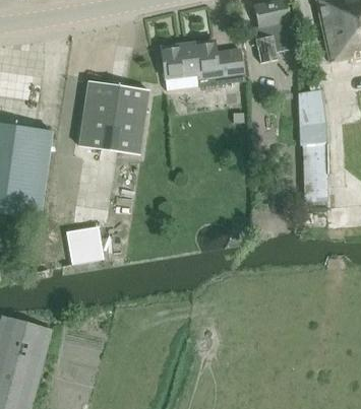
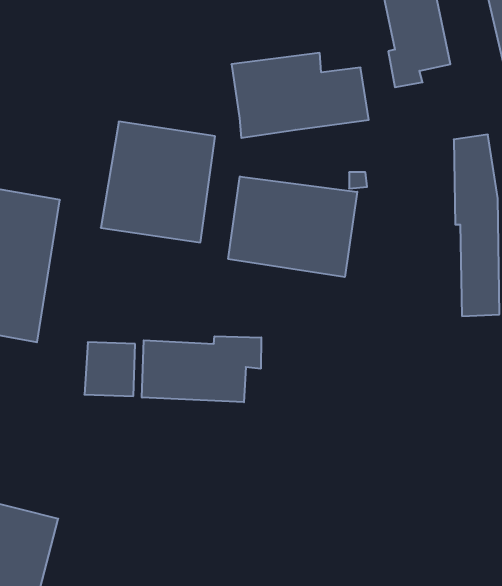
building: none -> [228,176,357,277]
building: none -> [142,336,261,402]

